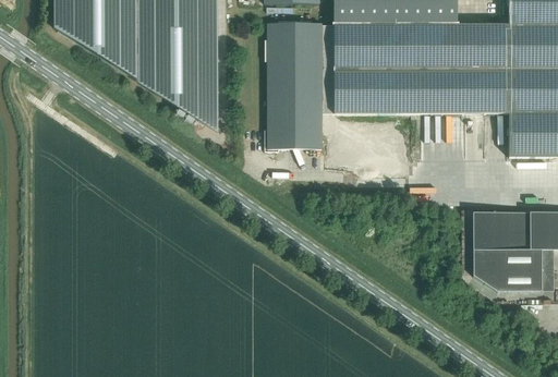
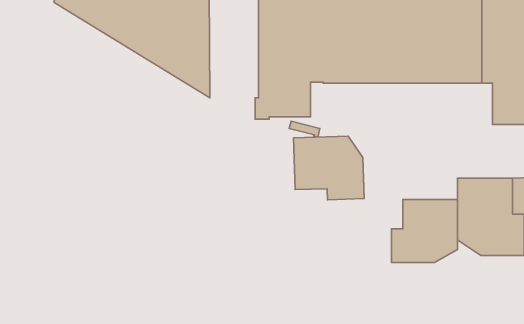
building: none -> [293,136,364,200]
building: none -> [391,199,458,262]

